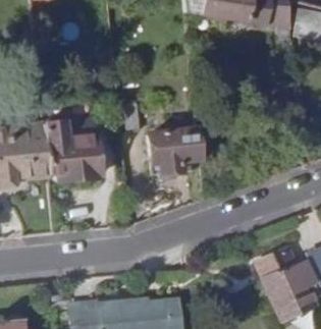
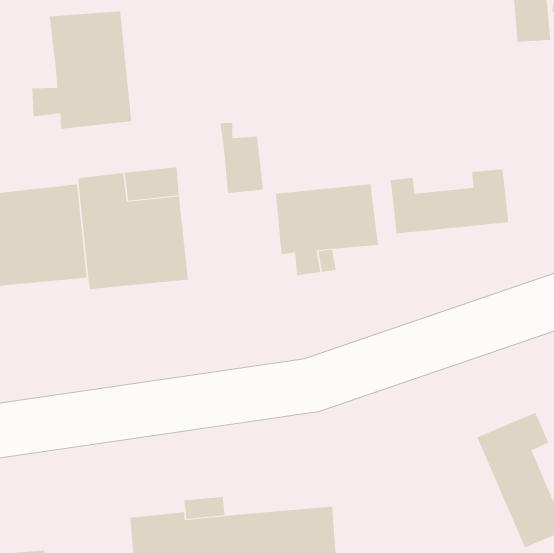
building: none -> [32,10,132,130]
building: none -> [390,168,509,234]

